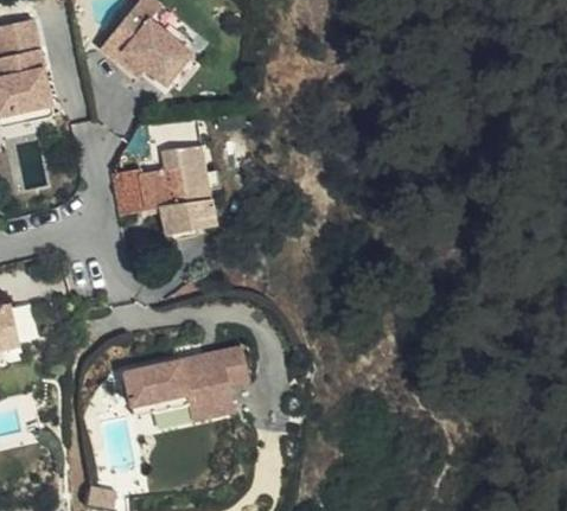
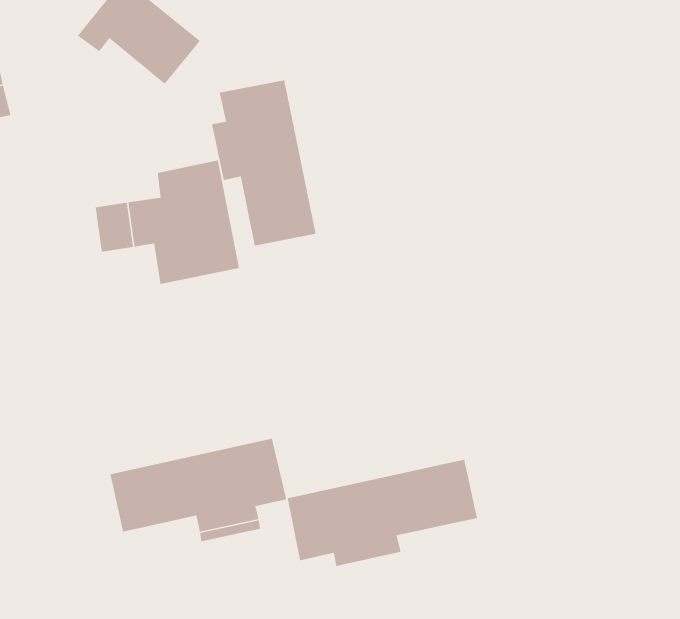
building: none -> [211,80,316,247]
building: none -> [287,459,478,567]

